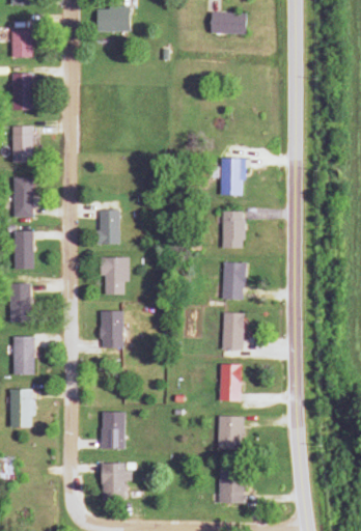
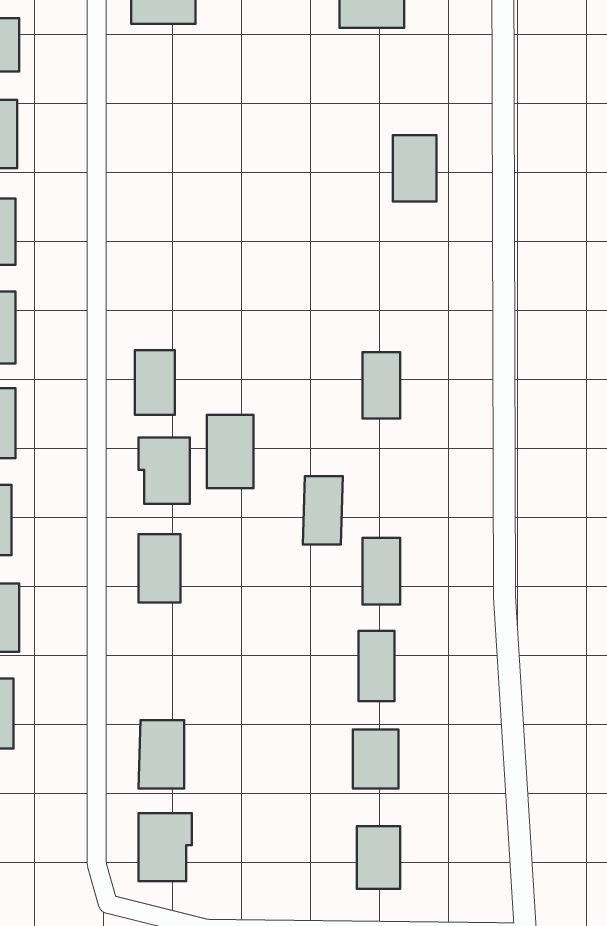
building: [221,159,245,195] -> [393,135,436,202]
building: none -> [207,415,254,488]
building: [223,261,245,299] -> [303,476,343,544]

